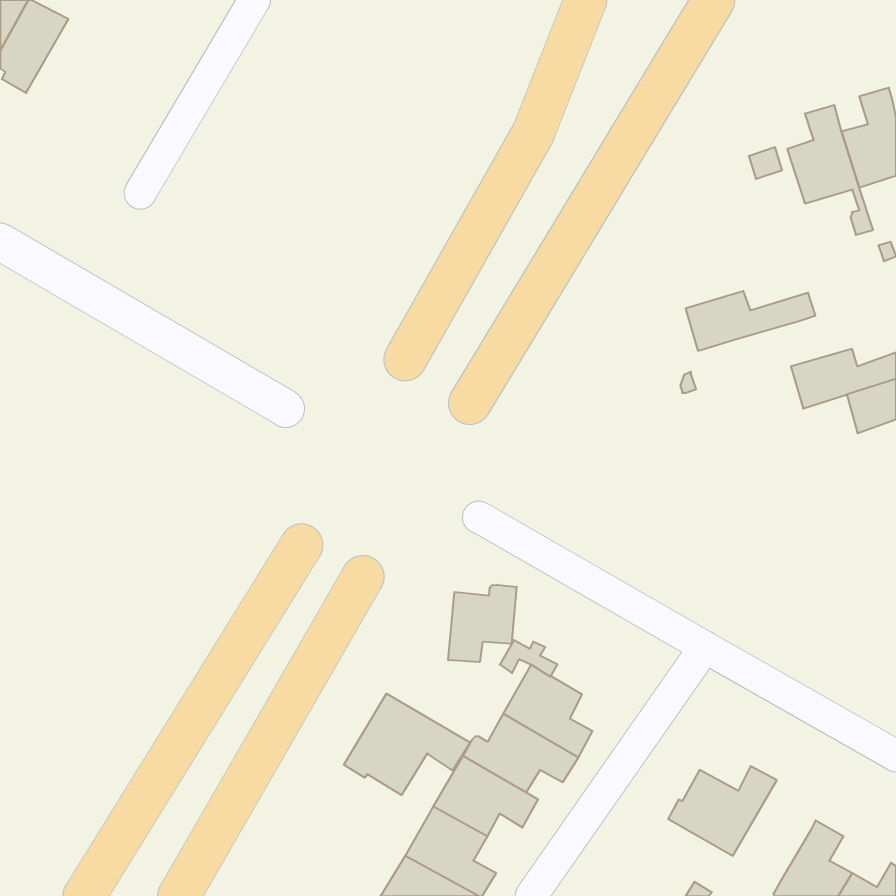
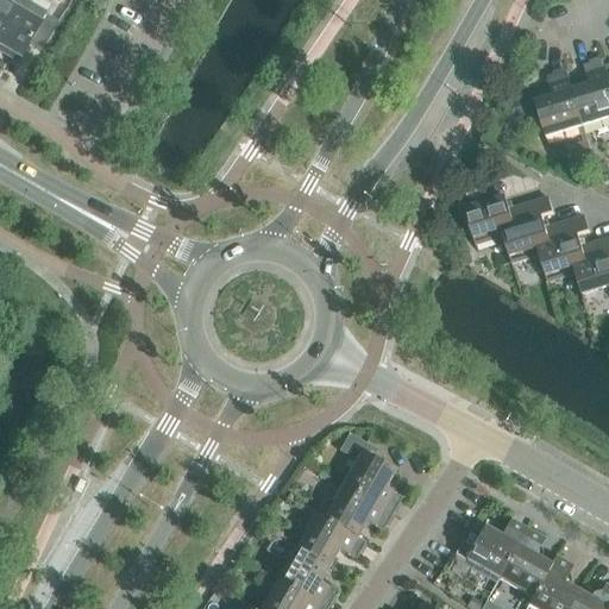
building: none -> [501,216,590,257]
building: [448,585,517,662] -> none
building: [344,694,470,795] -> none
building: none -> [497,529,550,598]

